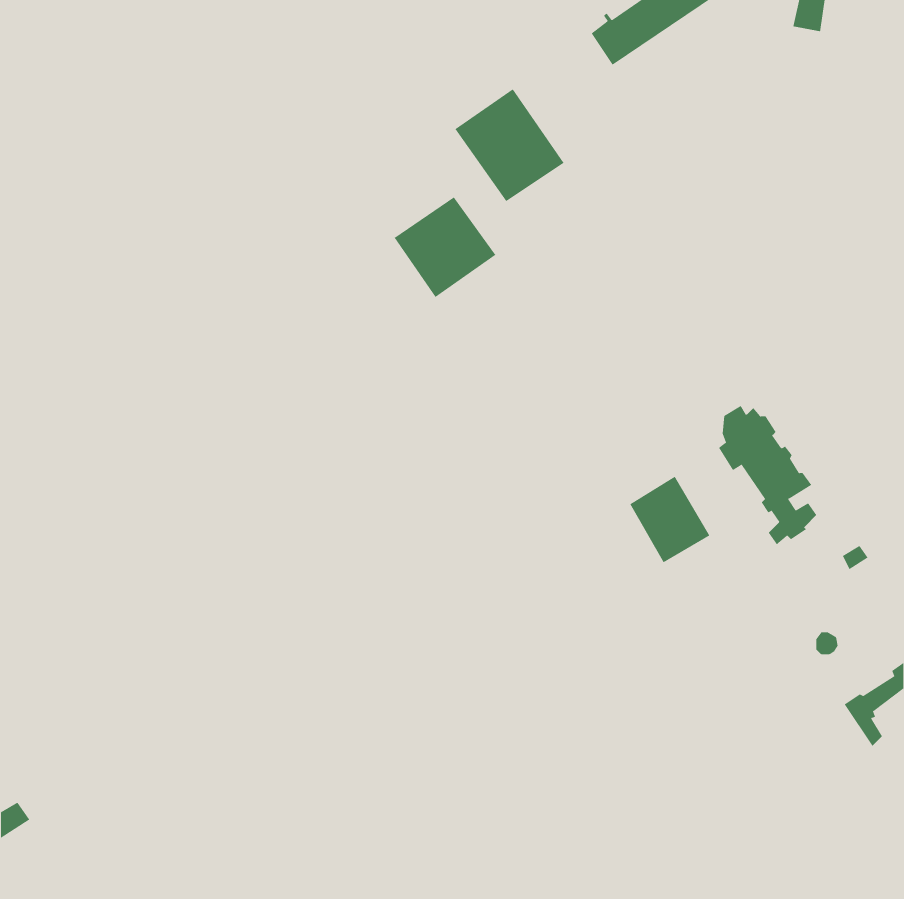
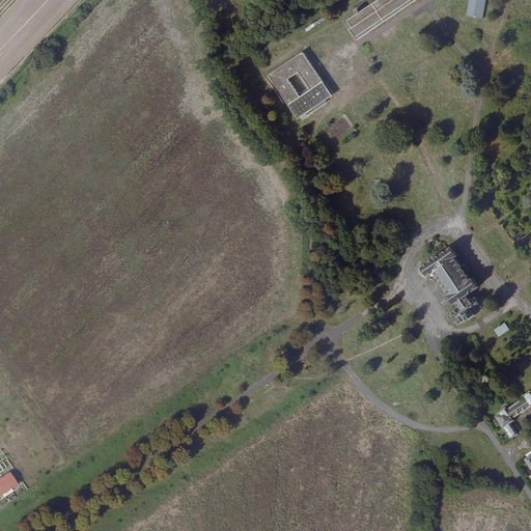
building: [394,196,496,298] -> none
building: [629,476,710,563] -> none

